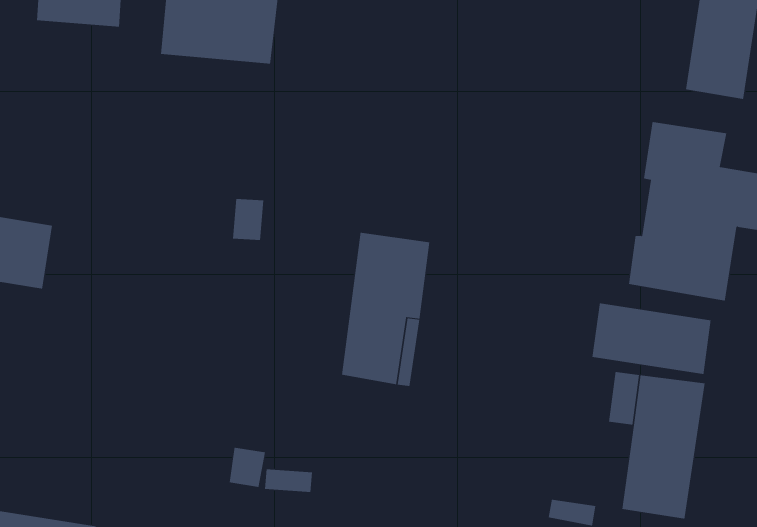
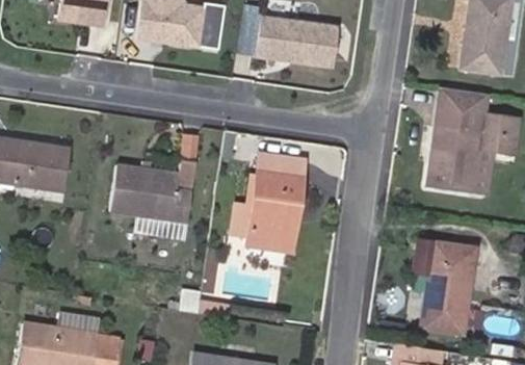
building: none -> [258,17,343,67]
building: none -> [110,161,196,236]
building: [592,302,711,375] -> none

